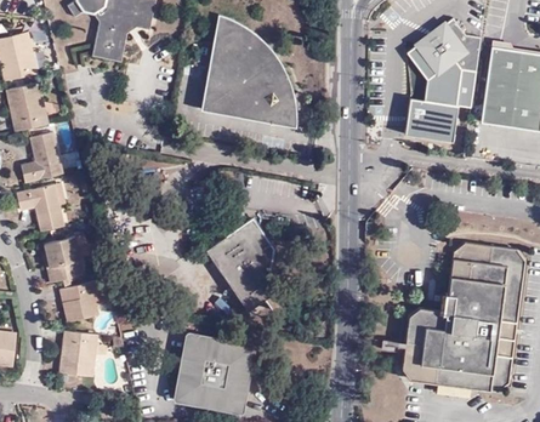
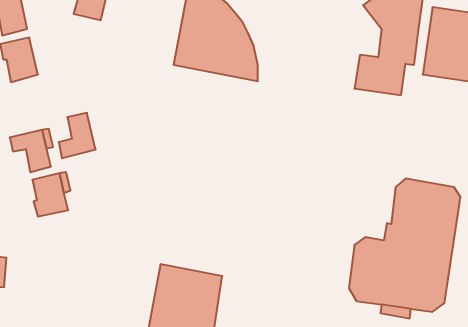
building: [22,131,63,182] -> [59,113,96,158]
building: [205,222,274,314] -> none
building: [62,280,97,320] -> none
building: [58,331,98,376] -> none

